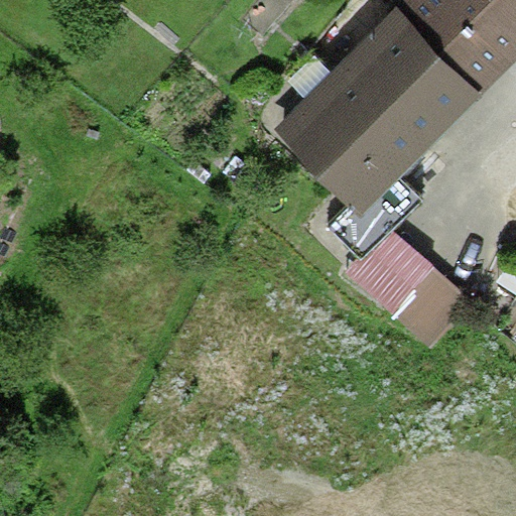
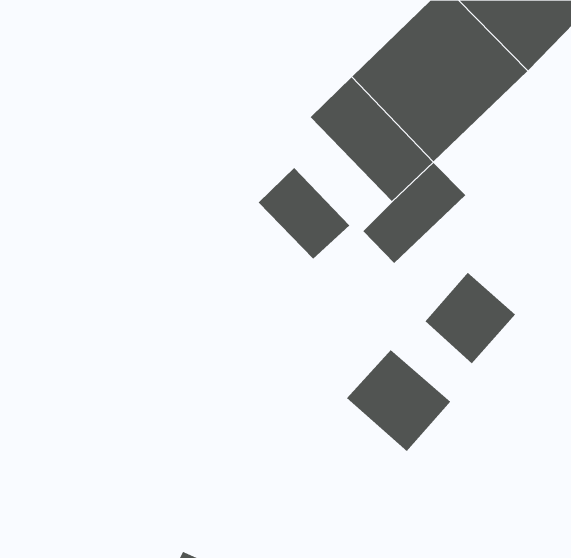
building: none -> [258,167,350,260]
building: none -> [346,349,451,452]

